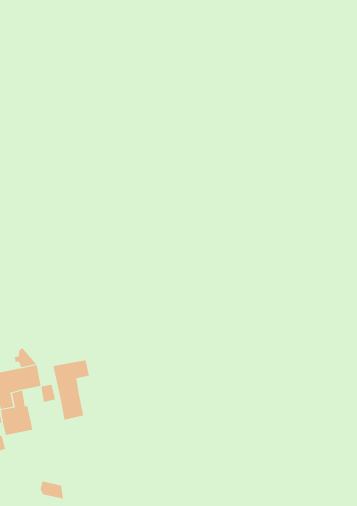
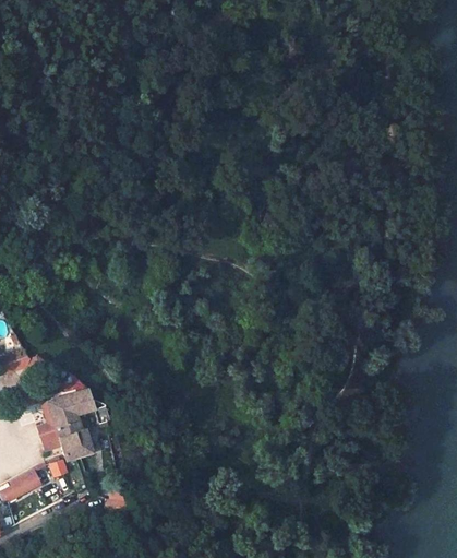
building: [53,359,89,420] -> none

